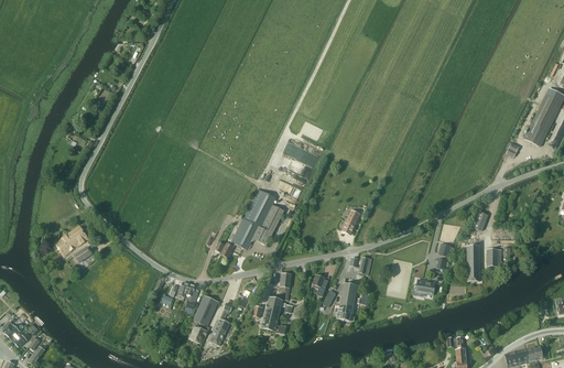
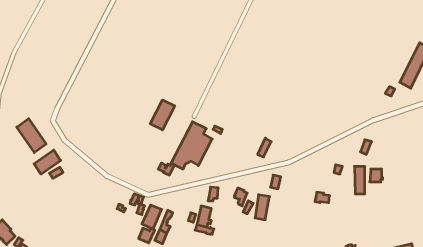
building: none -> [150,100,175,130]
building: none -> [17,119,46,153]

